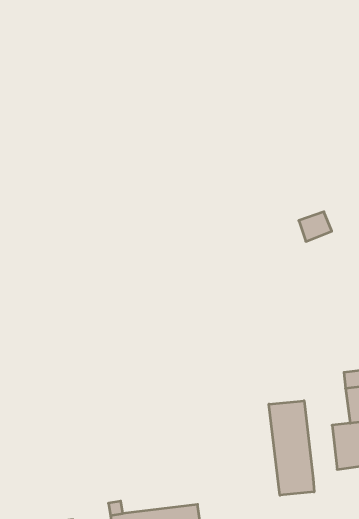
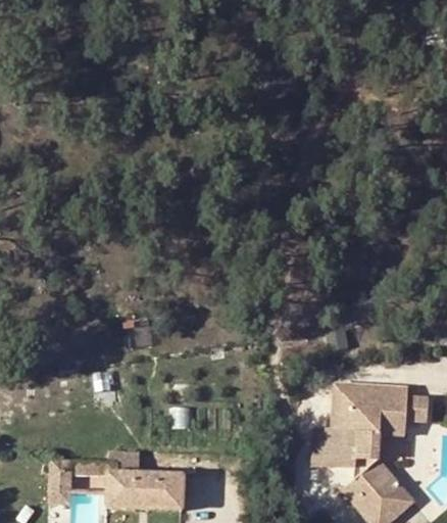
building: [269,401,314,495] -> none

